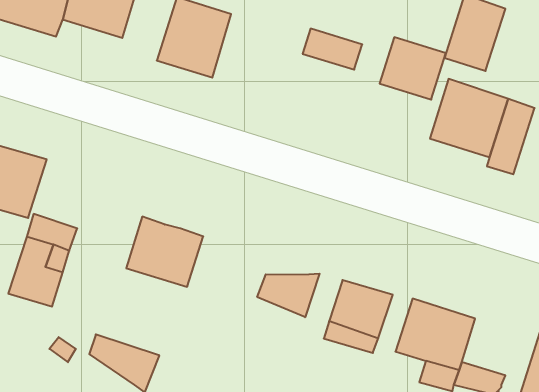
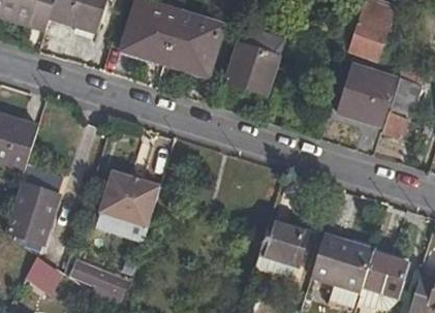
building: none -> [167,13,222,75]
building: [380,37,446,100] -> [226,44,278,93]
building: [257,274,320,317] -> none
building: none -> [362,252,407,295]

